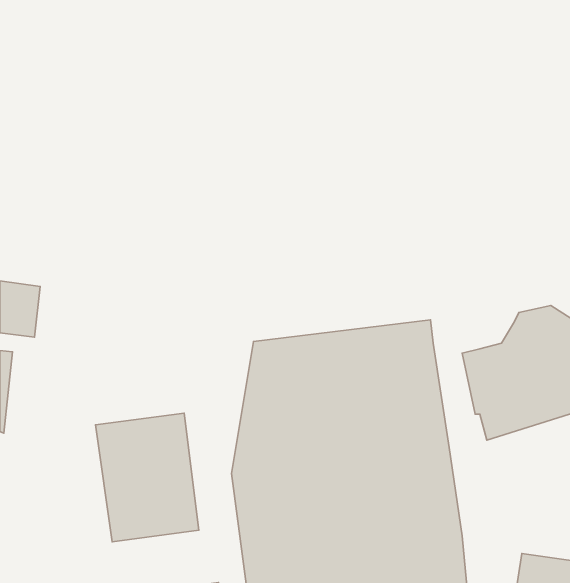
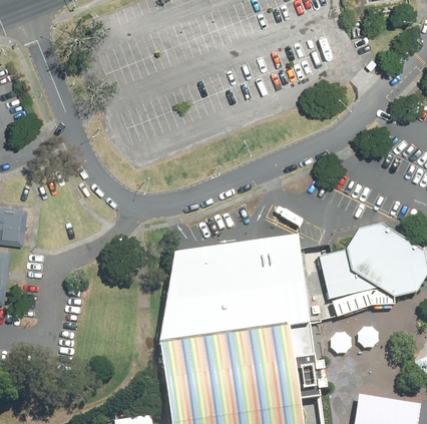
building: [95,413,199,542] -> none

